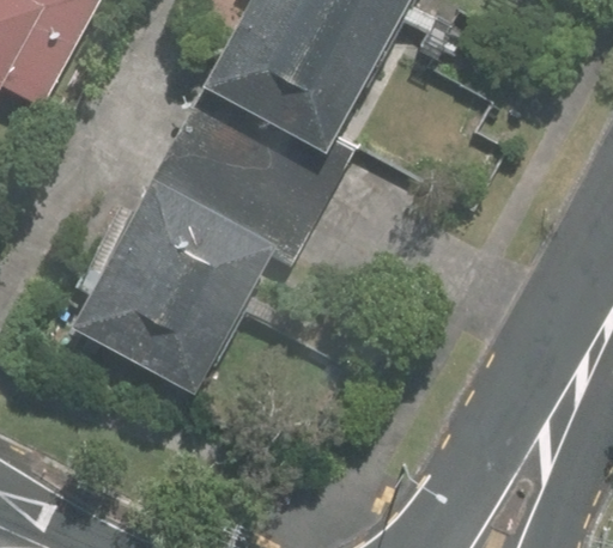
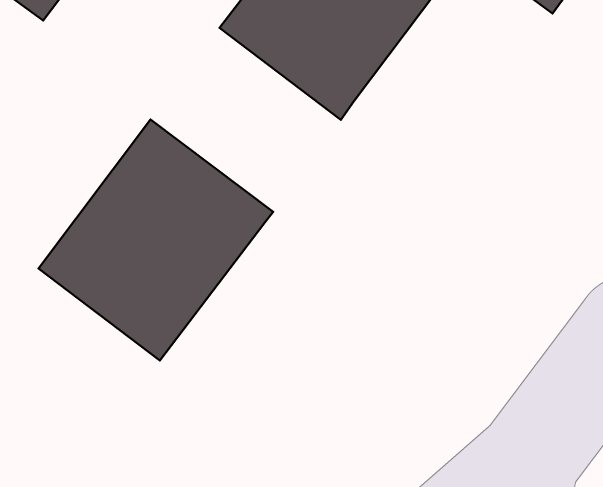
building: [153,86,353,266] -> none

